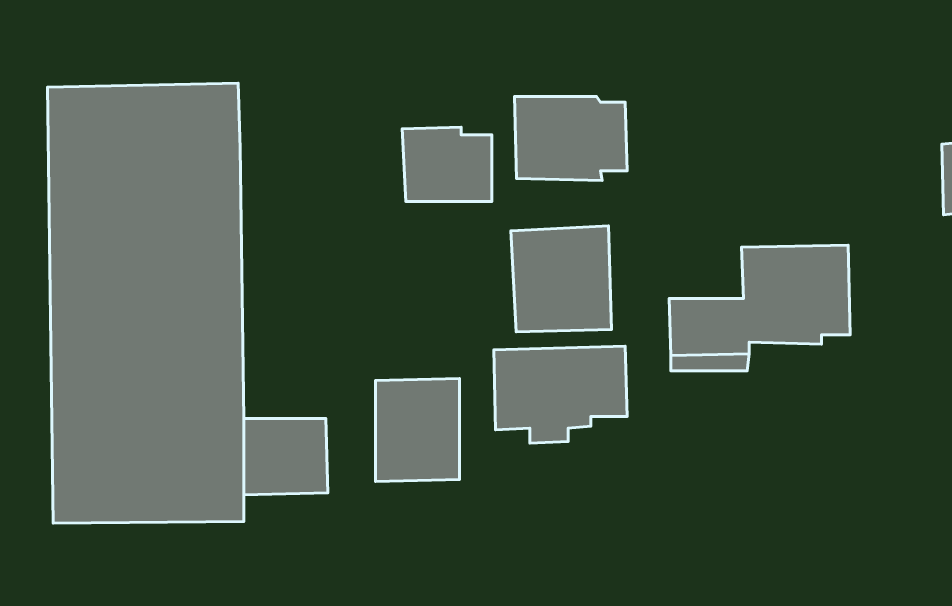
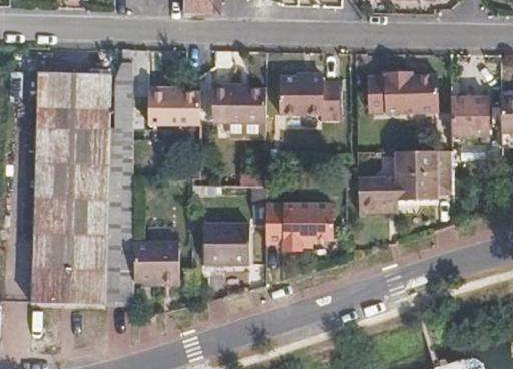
building: none -> [365,69,436,113]
building: none -> [144,90,197,127]
building: none -> [452,97,489,136]
building: [511,226,611,332] -> none

